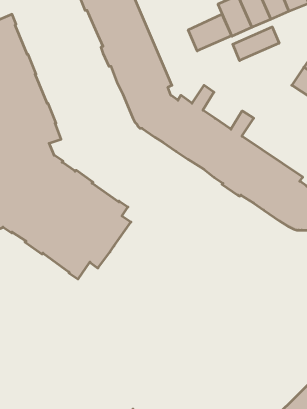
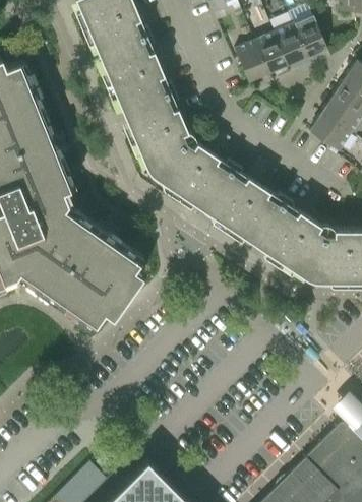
building: [188,14,232,51] -> none
building: [233,27,279,61] -> none

